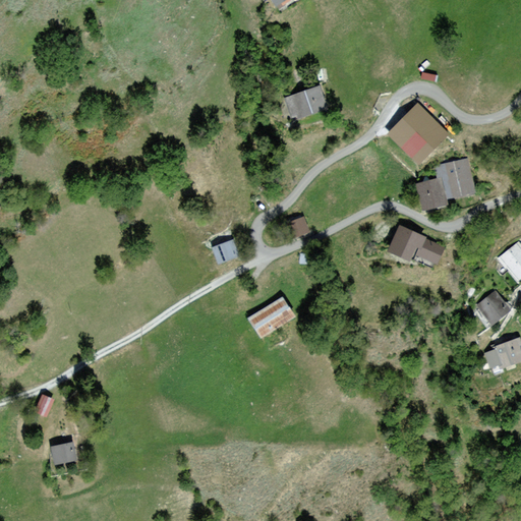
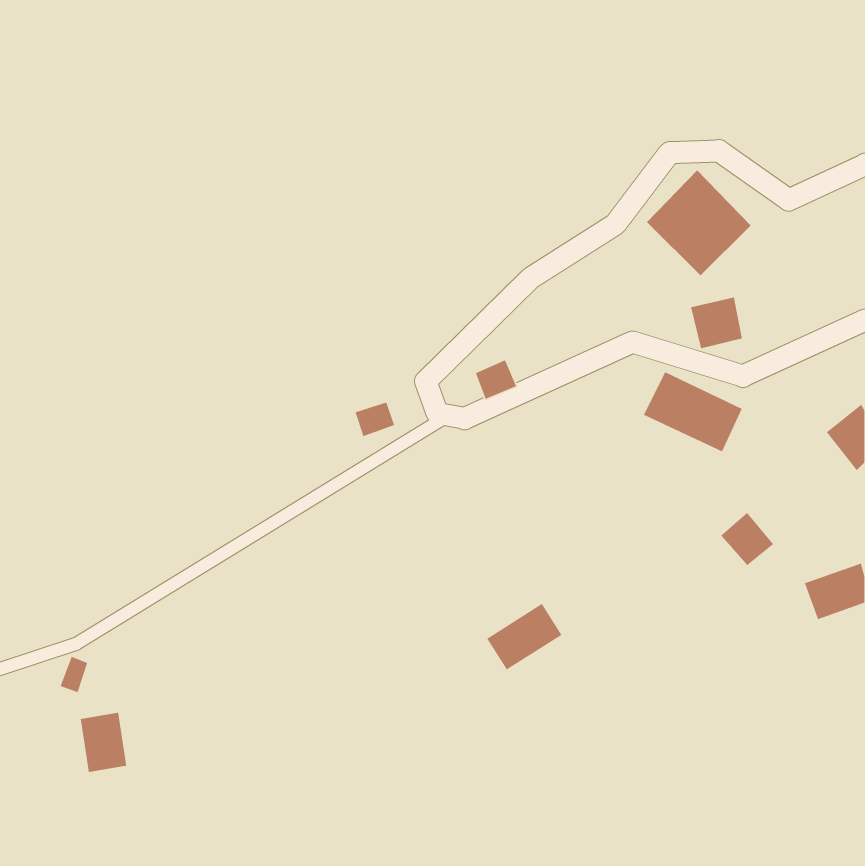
building: [285,84,326,119] -> none
building: [432,156,476,204] -> none
building: [476,292,509,325] -> [720,512,774,566]
building: [248,297,294,338] -> [486,603,562,671]

